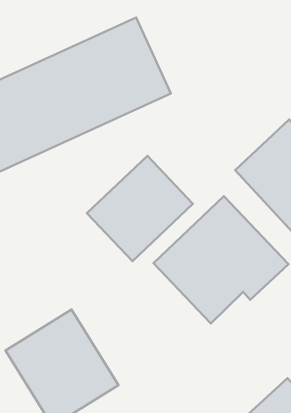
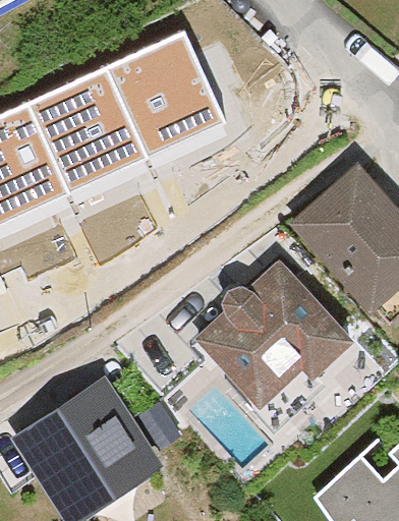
building: [87,156,193,261] -> none

